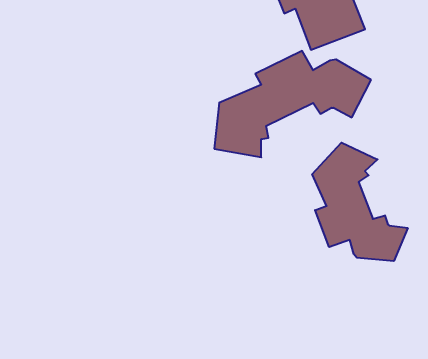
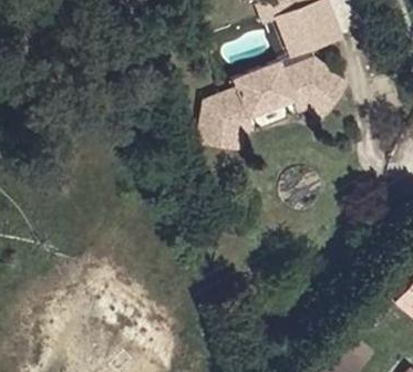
building: [312,143,408,261] -> none

